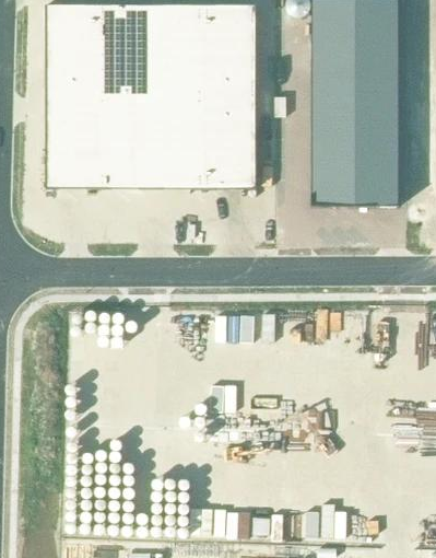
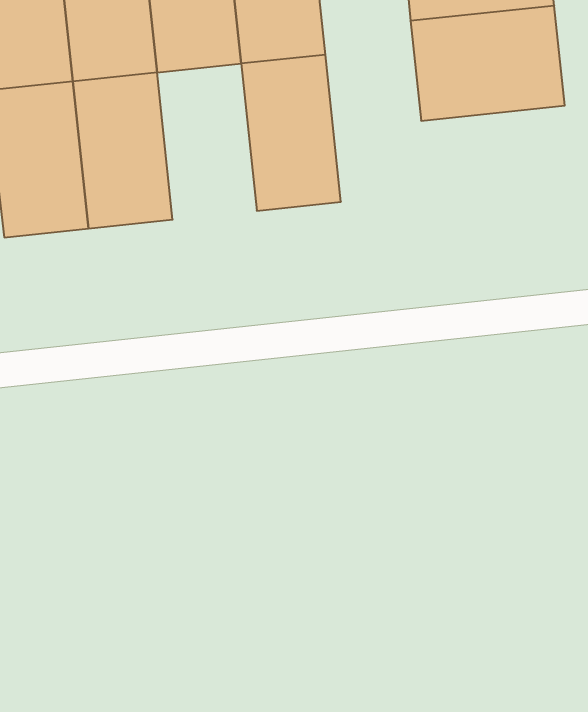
building: [151,95,203,187] -> none
building: [310,142,400,206] -> none

